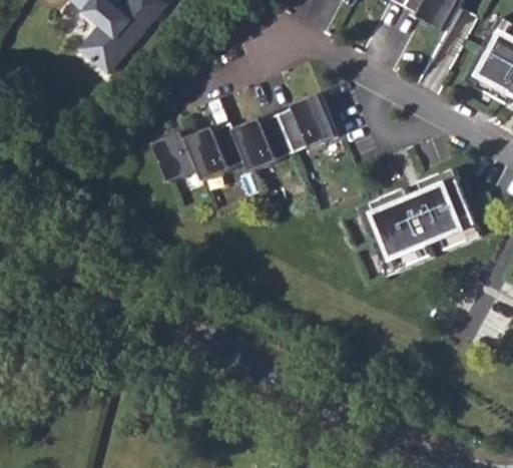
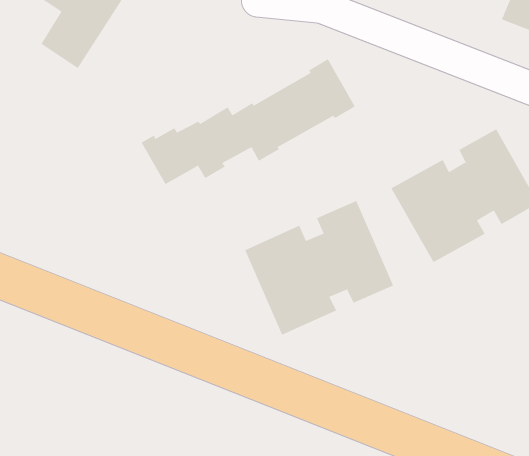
building: none -> [244,200,394,336]

